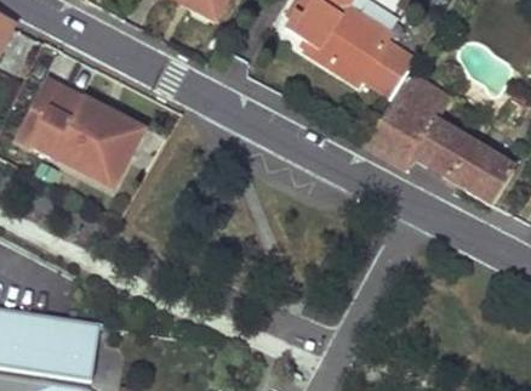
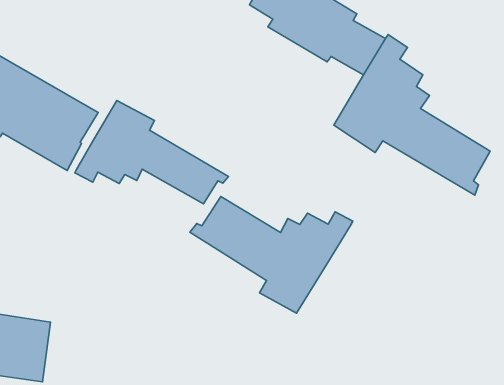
building: none -> [75,100,229,204]
building: none -> [190,197,353,313]

